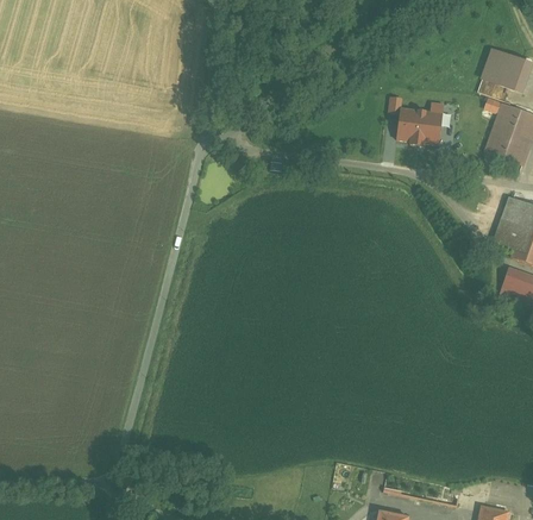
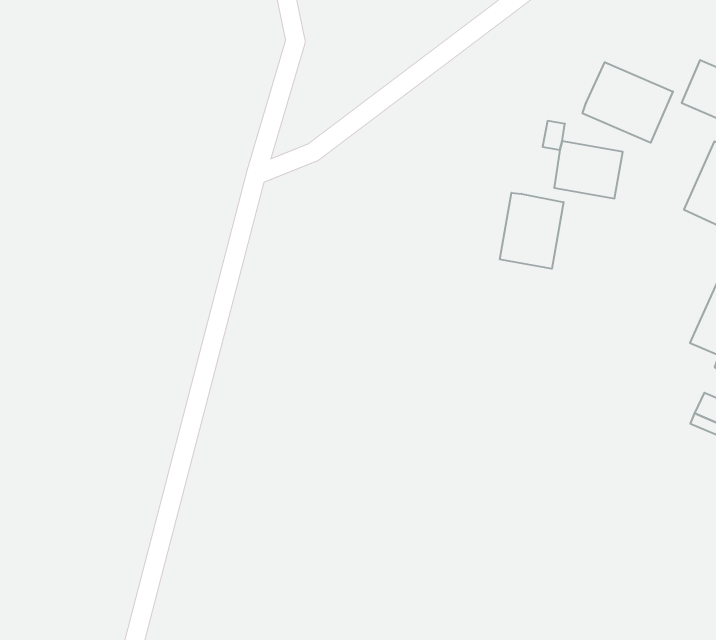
building: none -> [583,62,673,143]
building: none -> [500,193,564,269]

